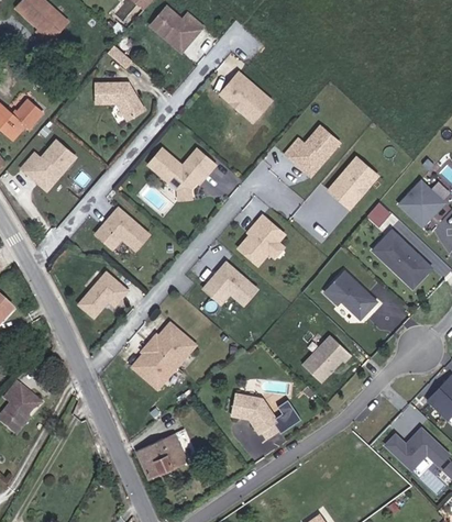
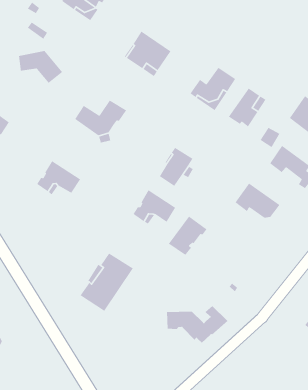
building: [77,274,128,320] -> none
building: [300,331,349,377] -> [168,216,208,256]
building: [136,431,187,477] -> none

